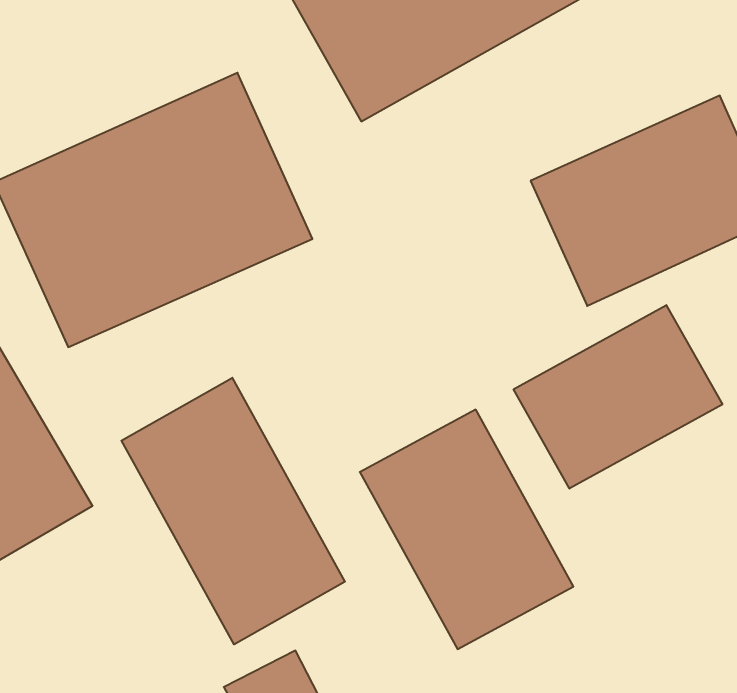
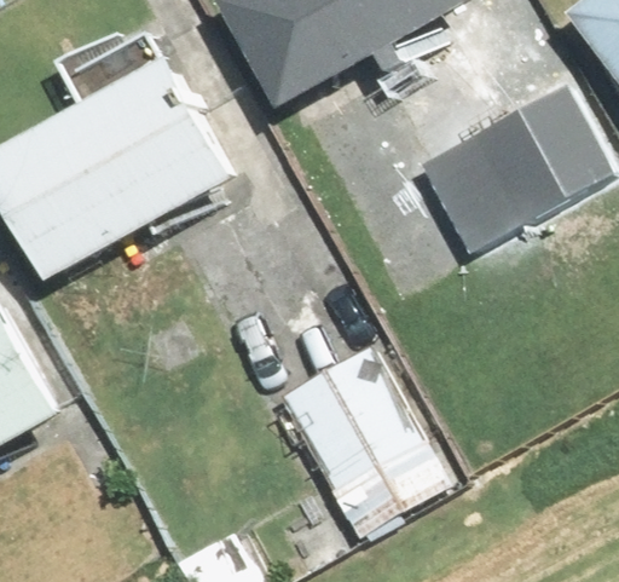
building: [514,305,722,489] -> none
building: [121,378,345,644] -> none

